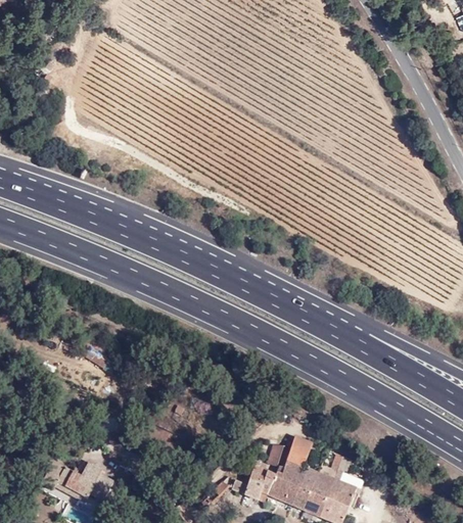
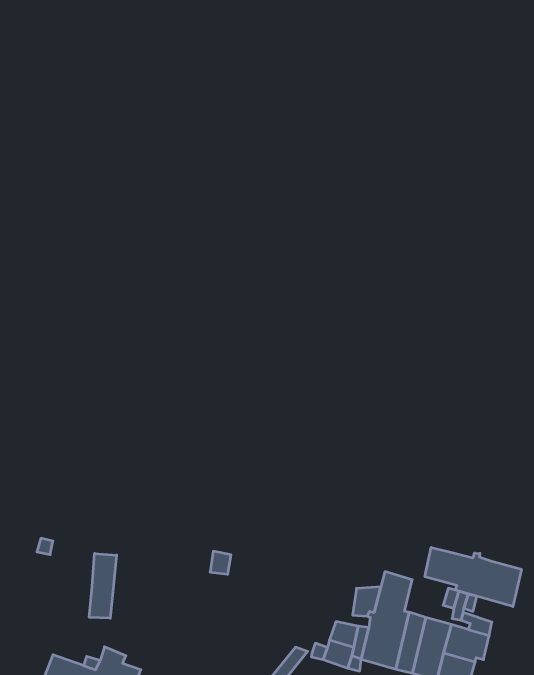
building: none -> [89,553,117,618]
building: none -> [425,547,521,607]

